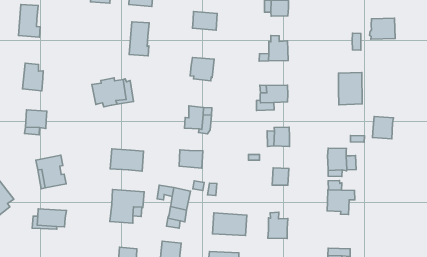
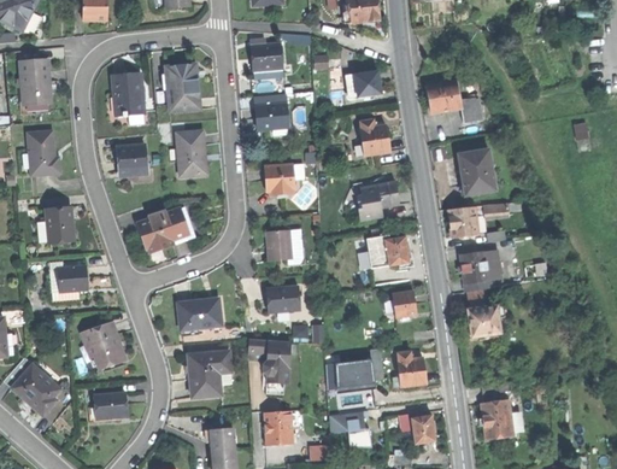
building: [370,18,395,39] -> [427,81,462,113]
building: none -> [118,142,147,171]
building: [373,116,393,139] -> [449,206,477,236]

